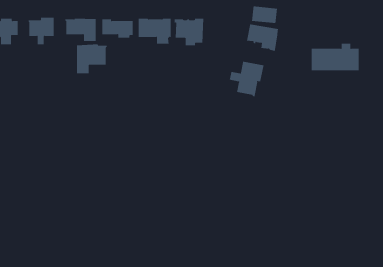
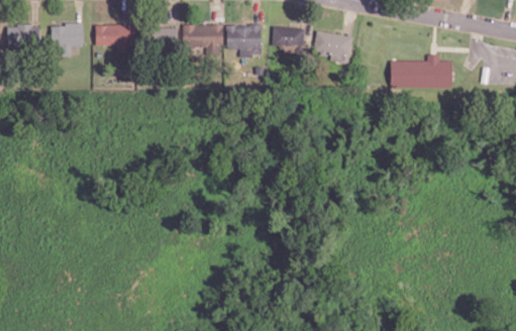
building: [251,6,278,24] -> [272,25,304,46]
building: [76,44,107,74] -> none
building: [229,61,264,97] -> none

